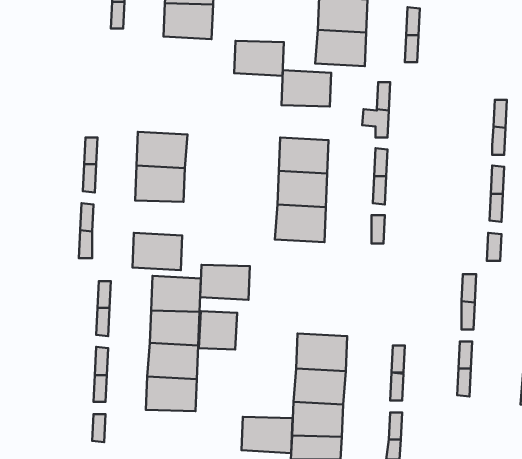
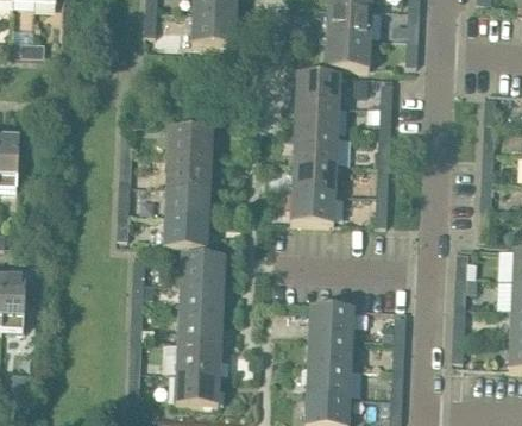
building: [234,41,284,76] -> [295,99,339,130]
building: [200,265,250,300] -> [165,183,209,214]
building: [199,311,237,350] -> none
building: [242,417,293,453] -> [175,369,220,401]

